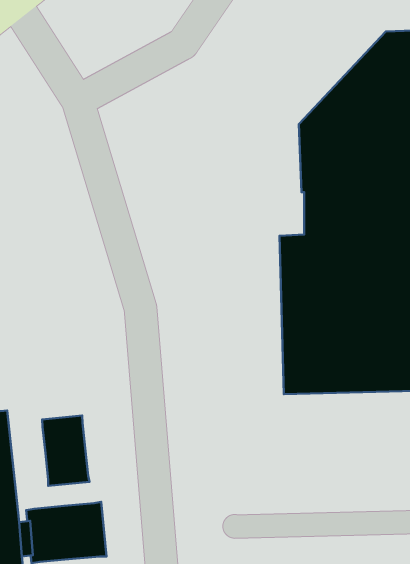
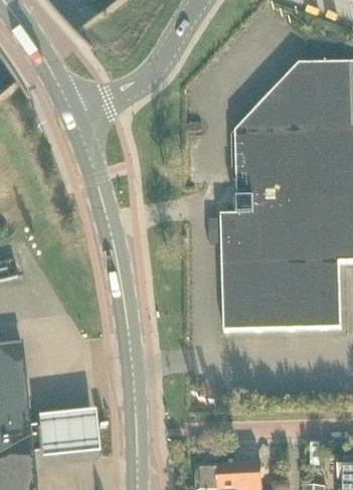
building: [42,415,89,486] -> none

